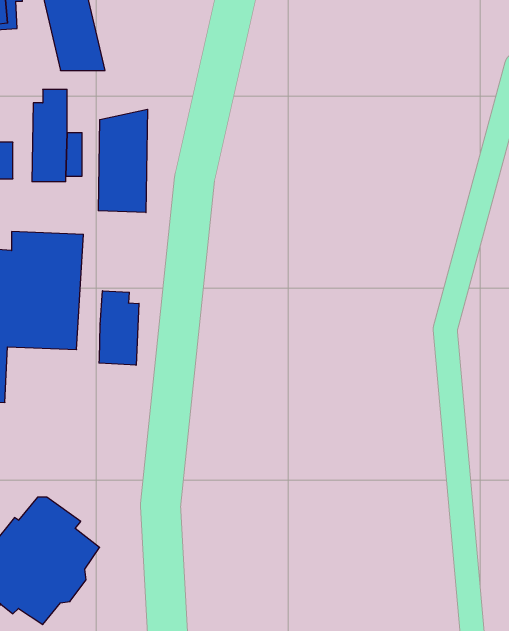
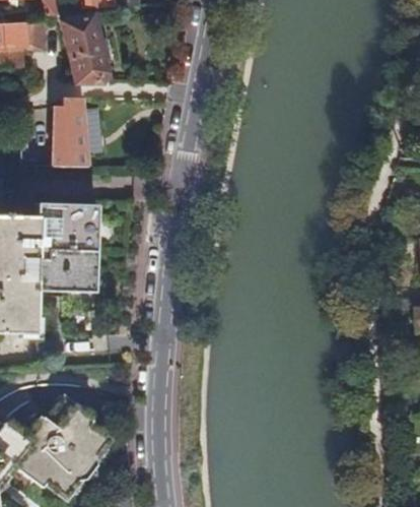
building: [98,109,148,213] -> none
building: [99,291,139,365] -> none

